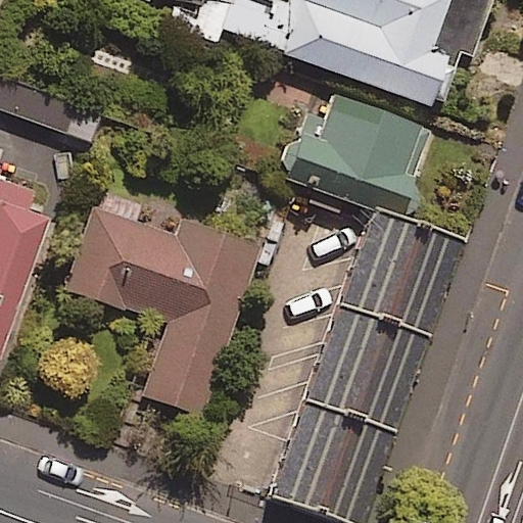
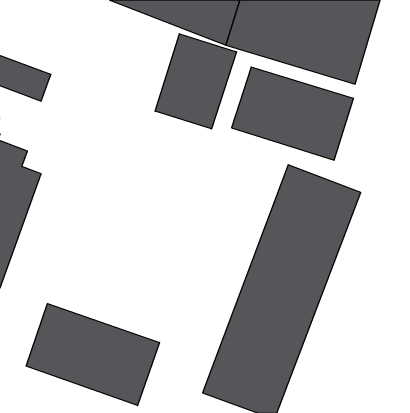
building: none -> [155,34,236,129]
building: [63,208,260,420] -> none
building: none -> [26,304,159,406]

